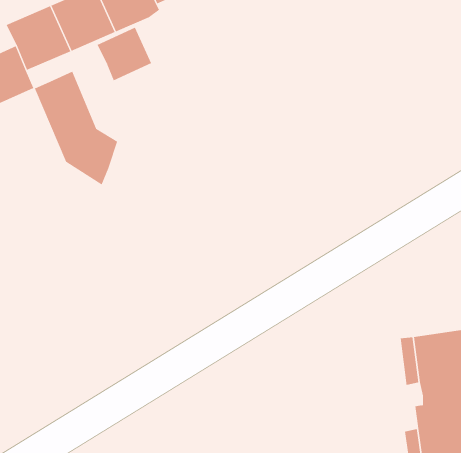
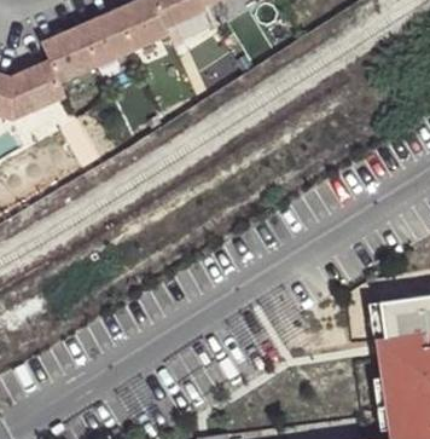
building: [97,27,152,81] -> none
building: [34,71,118,186] -> none

